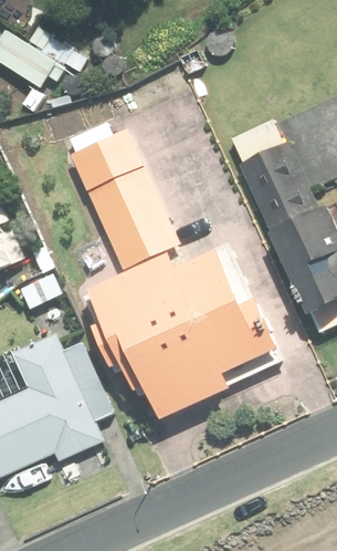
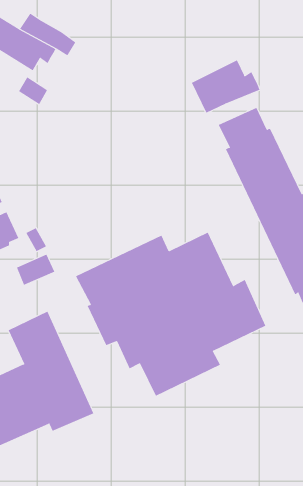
building: none -> [191,60,260,113]
building: [69,122,178,268] -> none

